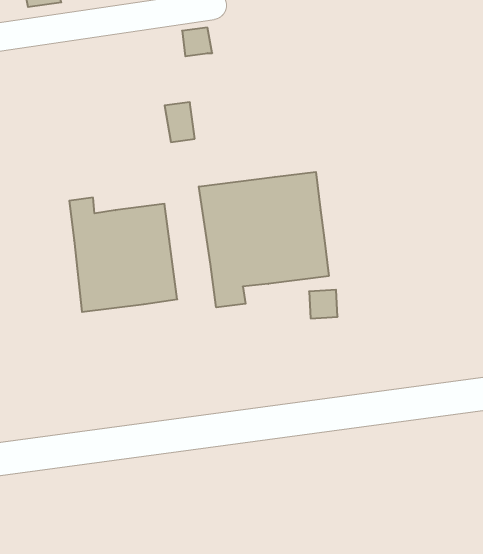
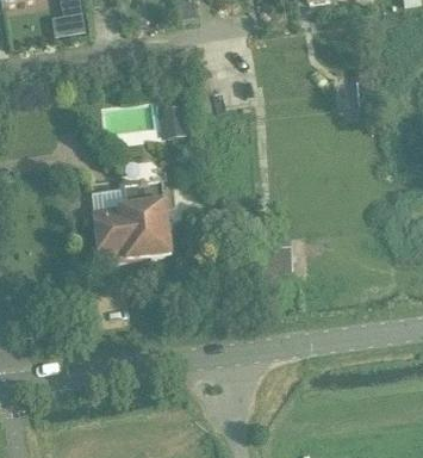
building: [199,172,329,307] -> none

